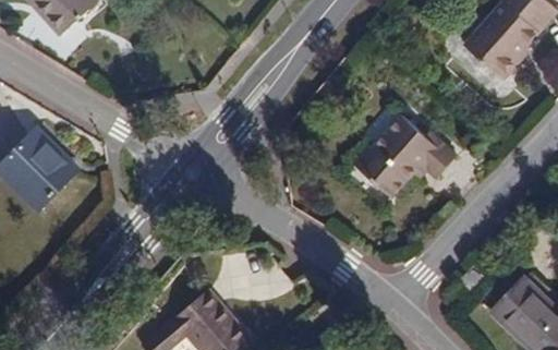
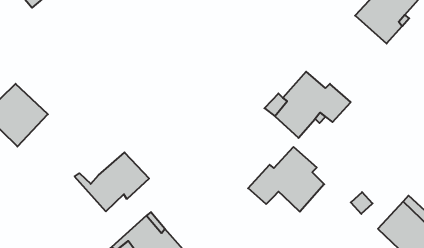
building: none -> [248,147,324,212]
building: none -> [75,152,149,211]

